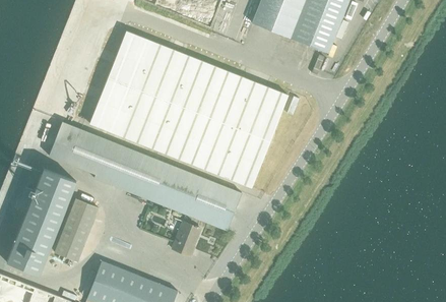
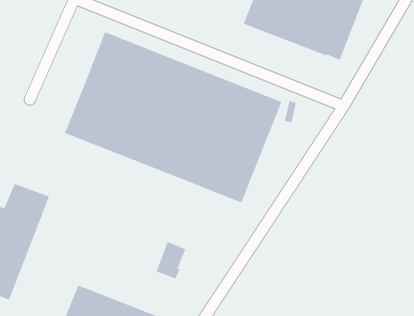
building: [49,122,242,231] -> none
building: [55,199,99,261] -> none

